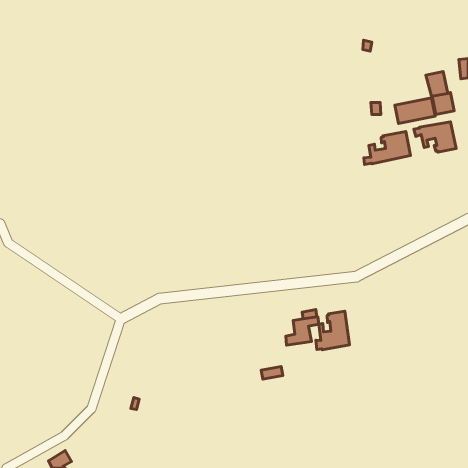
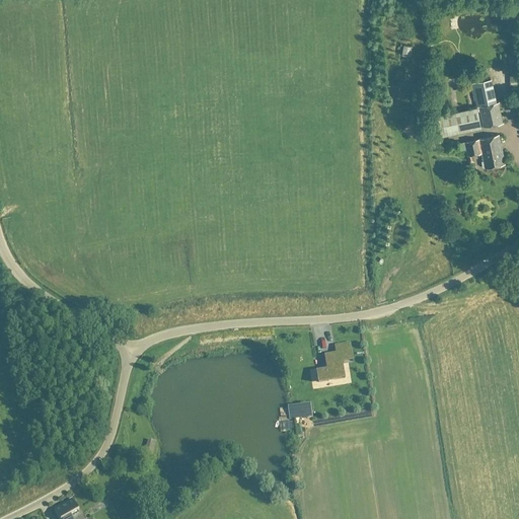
building: [364,131,411,165] -> none
building: [316,311,350,350] -> none

